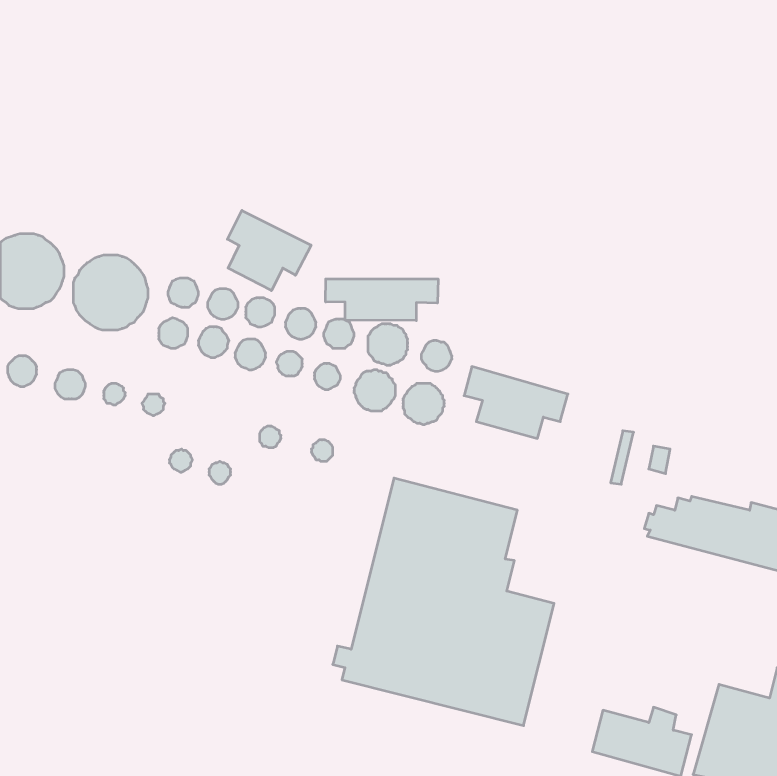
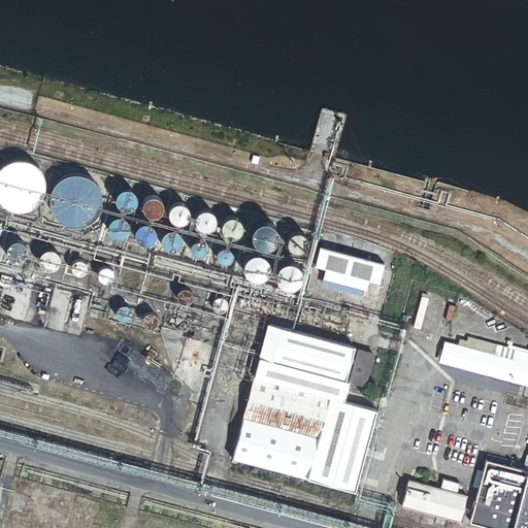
building: [227,210,311,291] -> none
building: [326,279,438,321] -> none
building: none -> [351,352,372,388]

